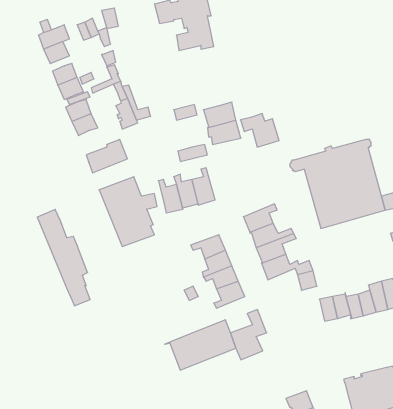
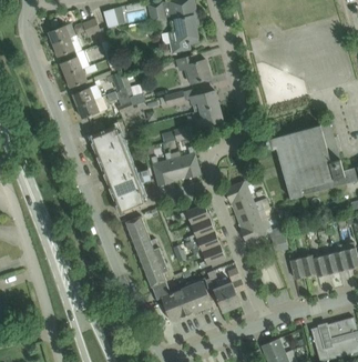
building: [240,114,279,147] -> [176,54,209,83]
building: none -> [94,139,130,165]
building: [37,209,90,306] -> [124,215,170,299]

